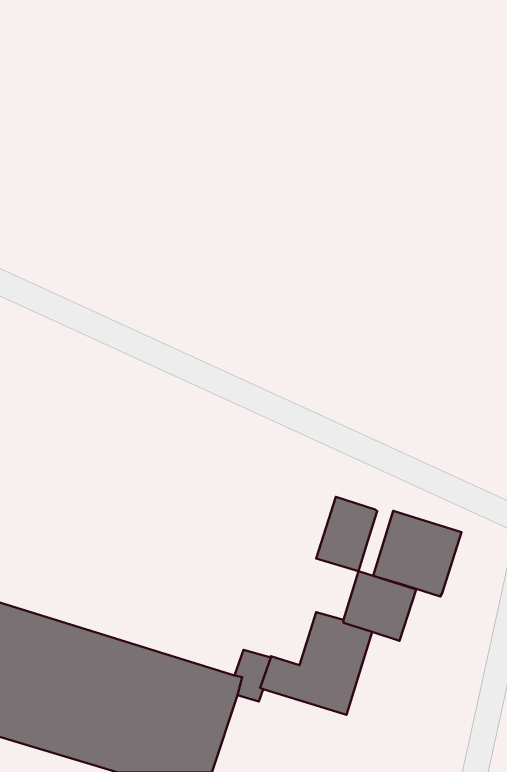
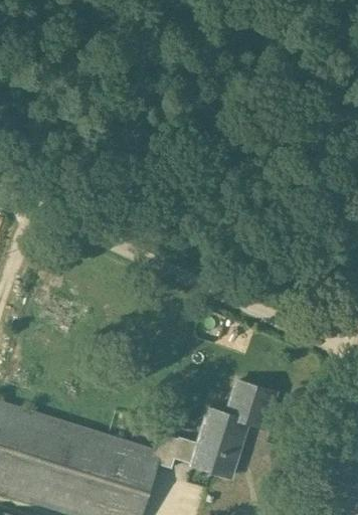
building: [316,497,377,571] -> none
building: [373,511,462,596] -> none

